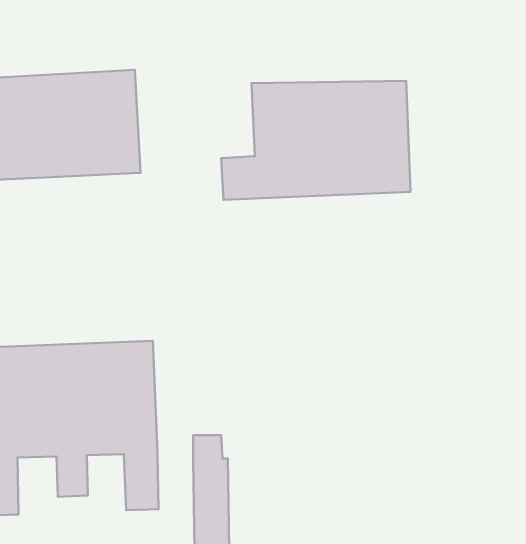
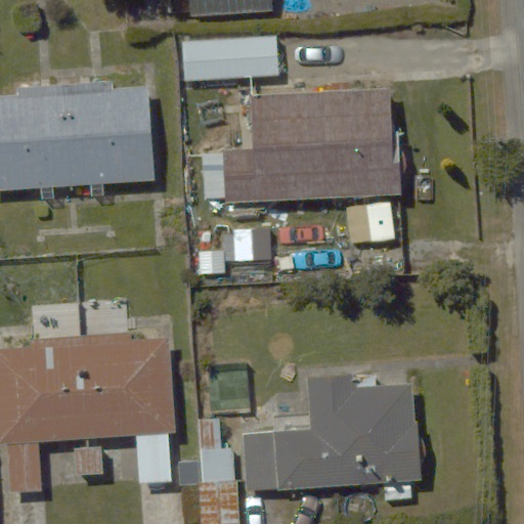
building: none -> [185,34,282,80]
building: none -> [238,369,429,492]

